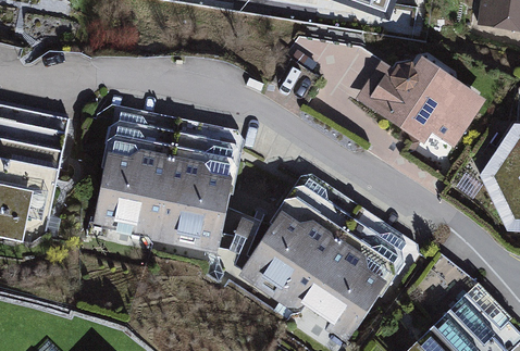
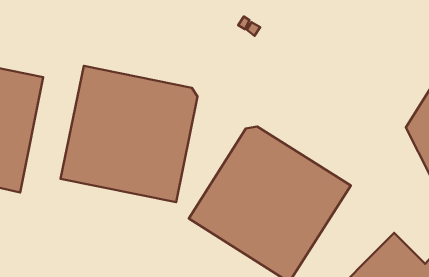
building: [355,52,490,150] -> none

